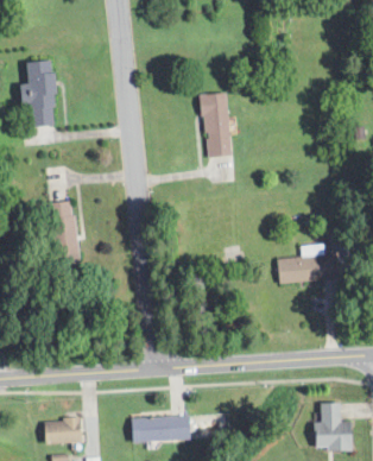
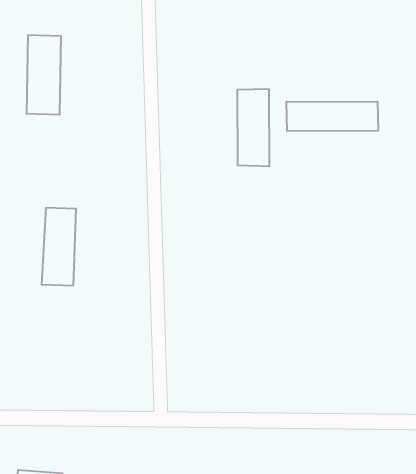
building: none -> [286,102,378,131]
building: [278,244,334,283] -> none

